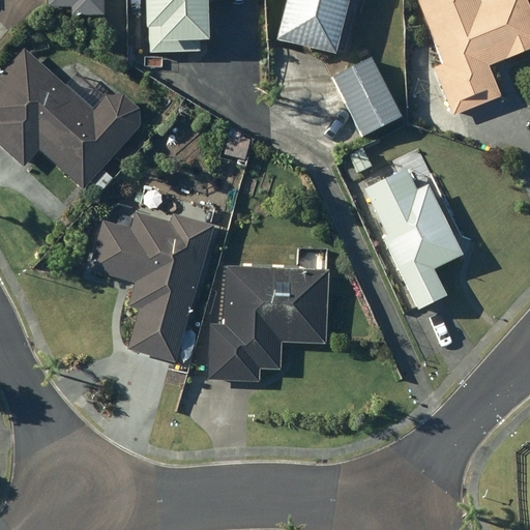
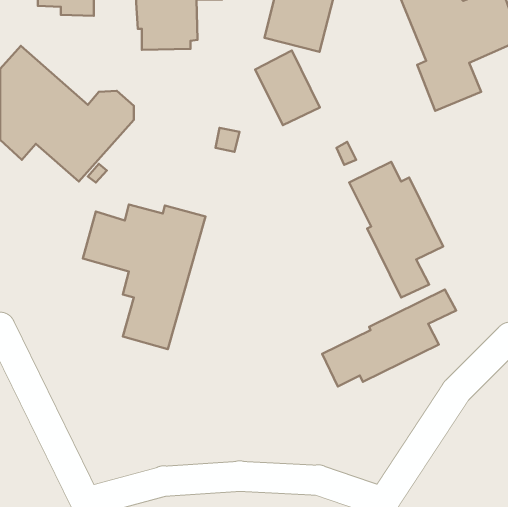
building: [334,57,402,135] -> [255,50,320,125]
building: [209,266,328,381] -> none
building: none -> [322,290,456,386]

